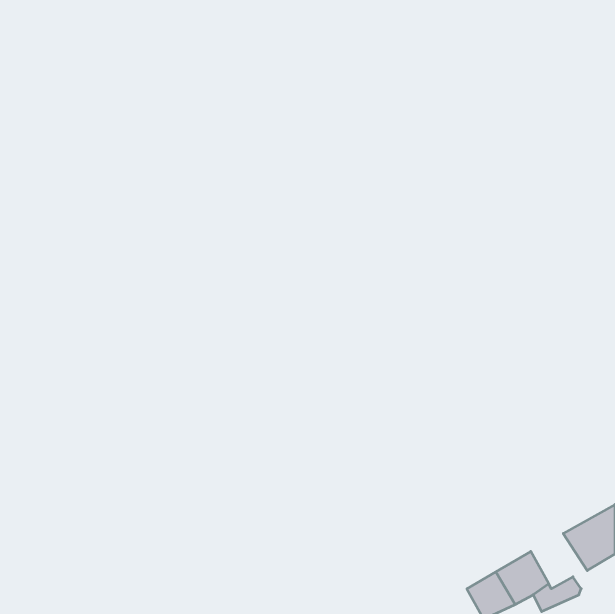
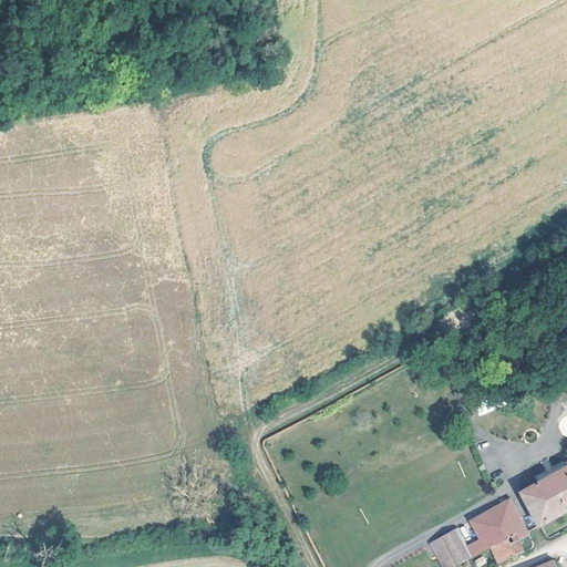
building: none -> [488,497,527,543]

